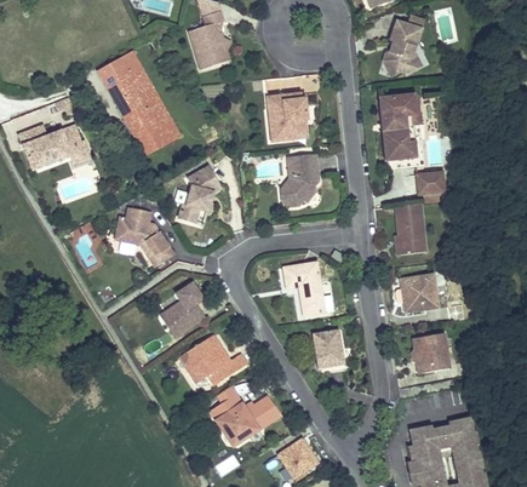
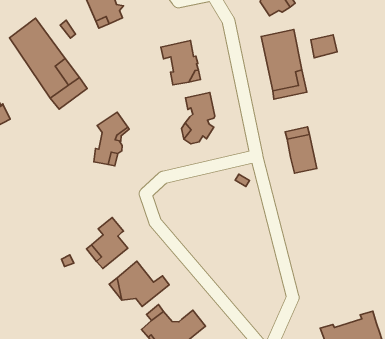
building: [416,173,443,196] -> [311,35,337,58]
building: [118,206,174,265] -> none
building: [282,262,325,316] -> none
building: [394,273,439,313] -> none
building: [309,330,349,373] -> none
building: [409,332,447,372] -> none

